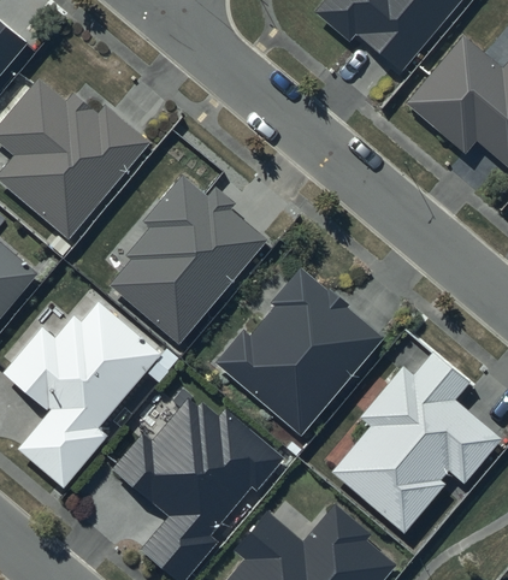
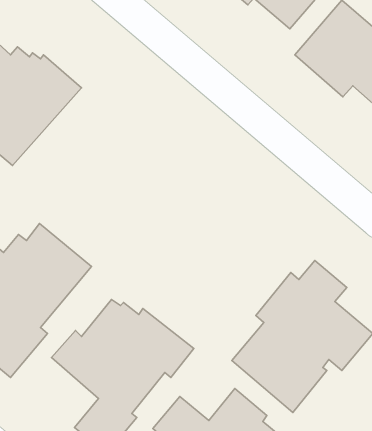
building: [107,174,266,342] -> none
building: [214,267,383,433] -> none

